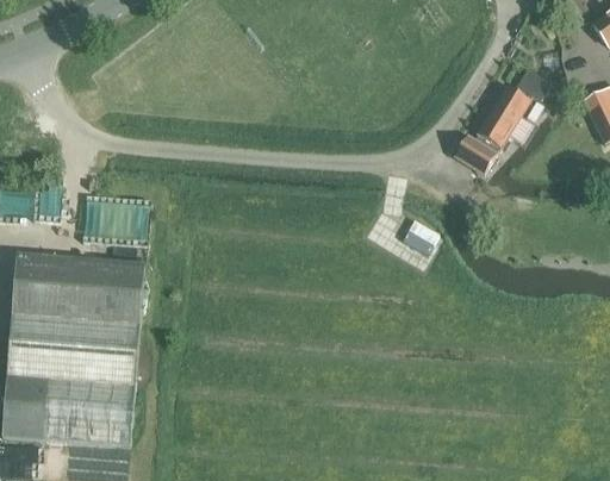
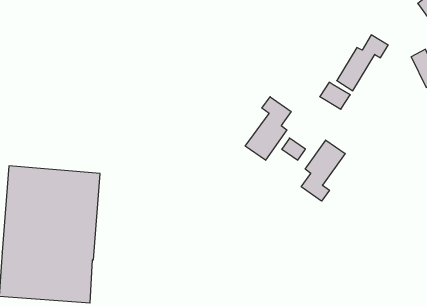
building: none -> [245,97,291,160]
building: none -> [301,140,345,201]

